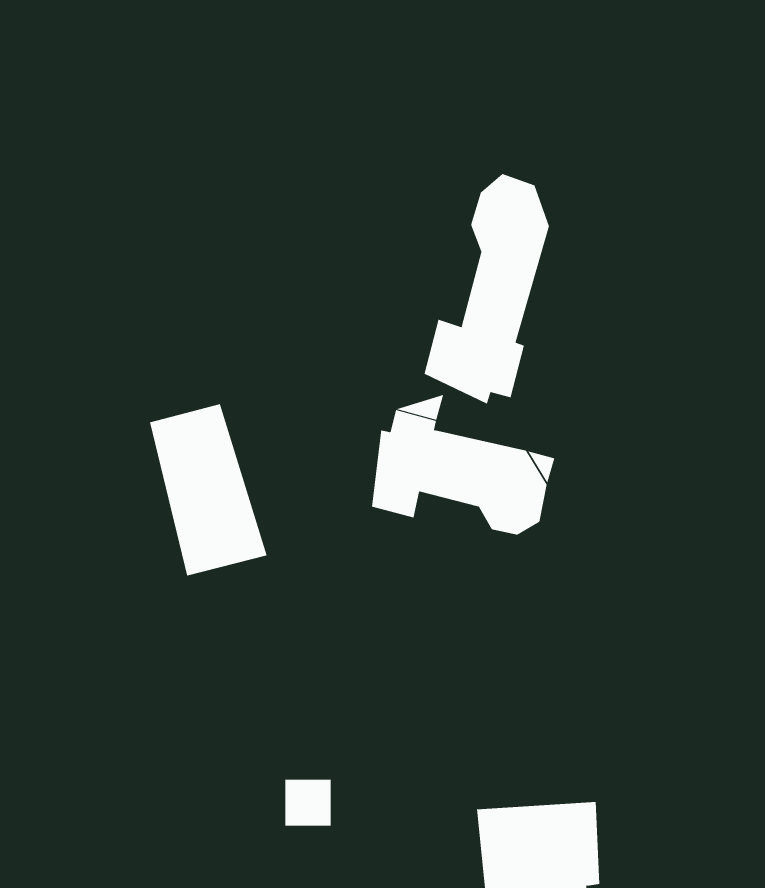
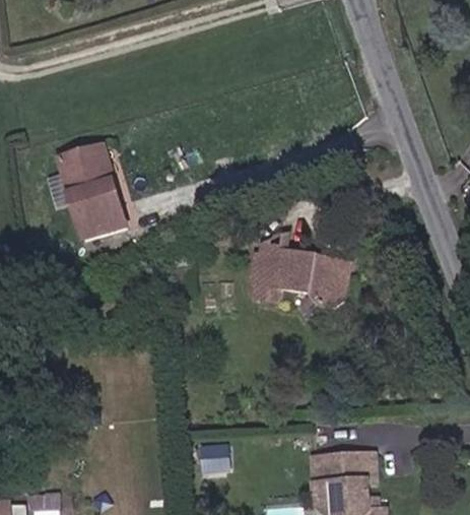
building: [424,173,550,404] -> none
building: [149,403,267,576] -> [63,143,127,237]

